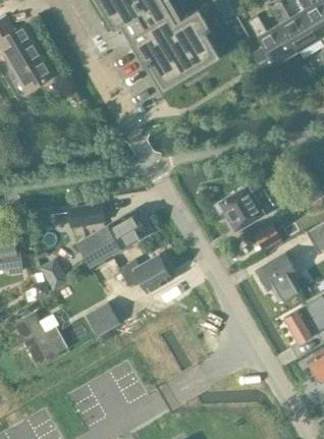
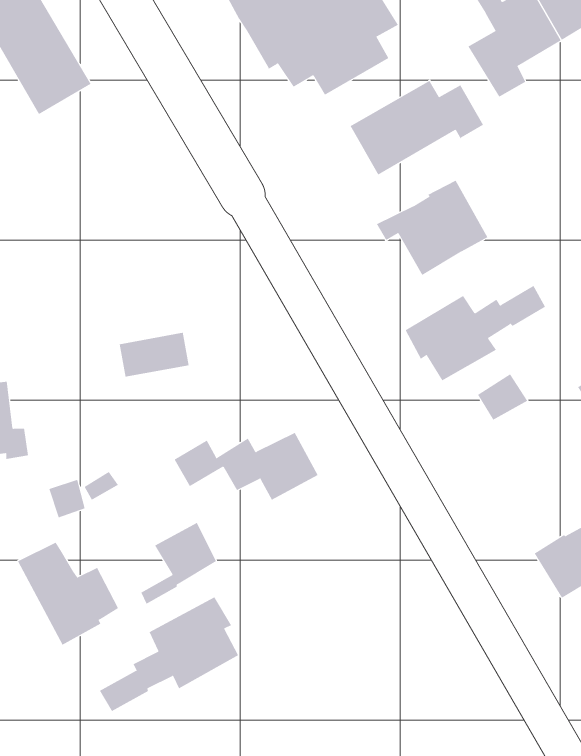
building: none -> [350,80,484,175]
building: none -> [376,180,488,276]
building: [84,211,147,261] -> none
building: [256,254,301,301] -> none
building: none -> [99,597,239,712]

